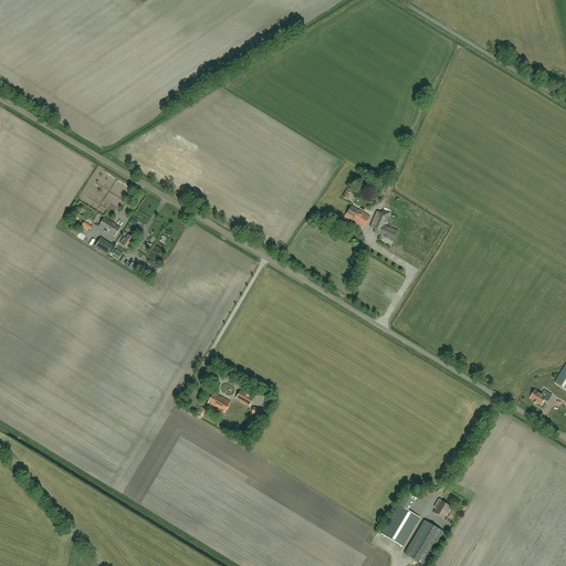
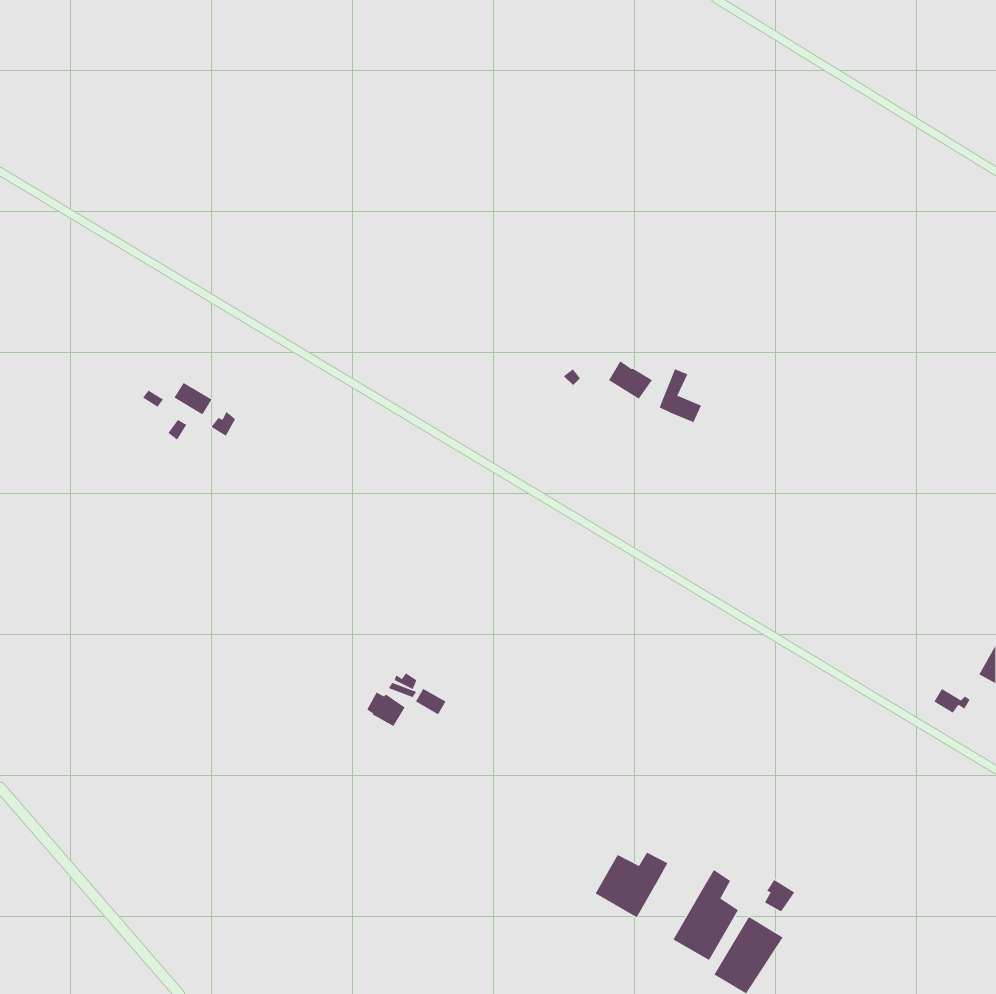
building: none -> [595,852,668,918]

